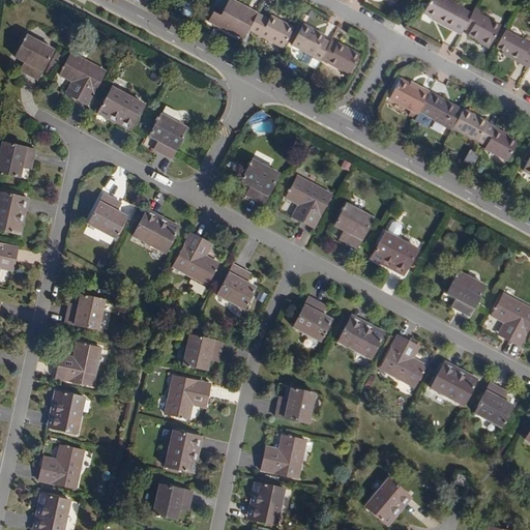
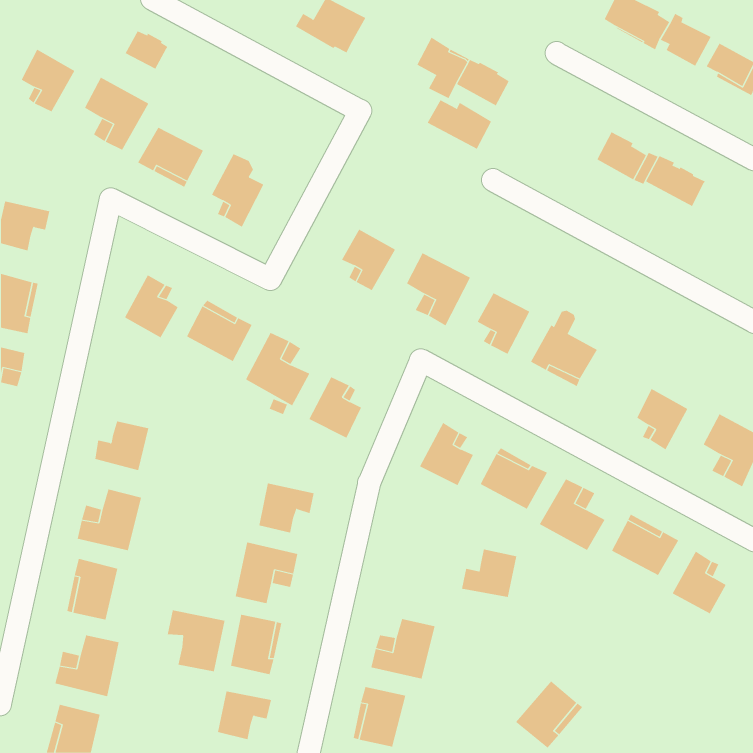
building: [248,12,294,48] -> [427,99,492,150]
building: none -> [125,30,168,69]
building: [390,79,430,114] -> none
building: [484,128,518,160] -> none
building: [275,387,315,421] -> [461,549,517,598]
building: none -> [167,610,225,672]

